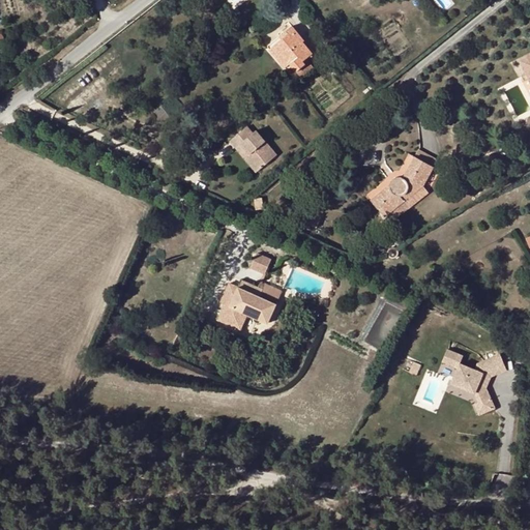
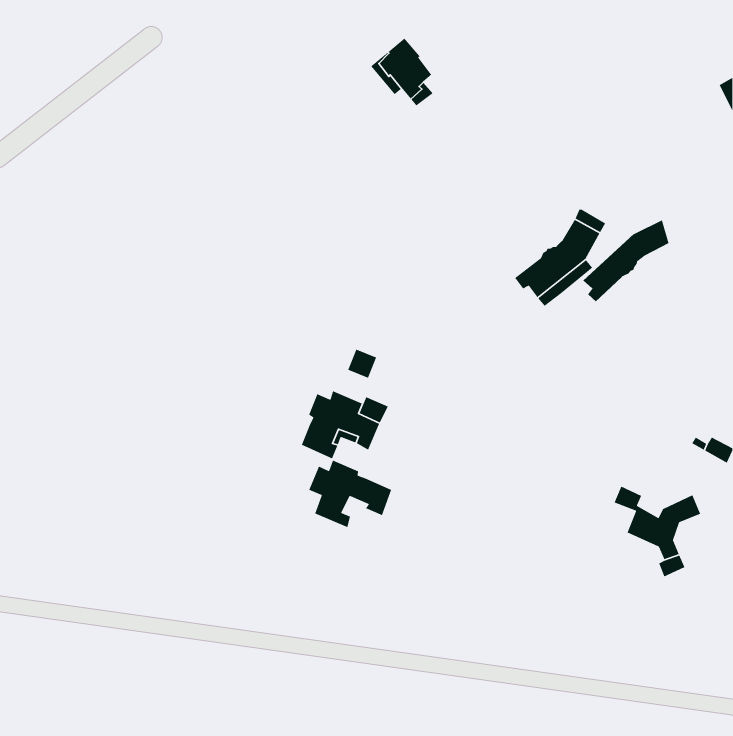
building: [227,122,276,173] -> none
building: none -> [582,219,670,302]
building: none -> [308,459,392,528]

